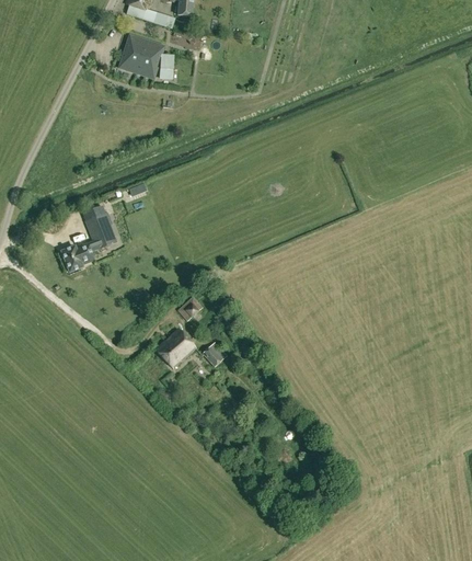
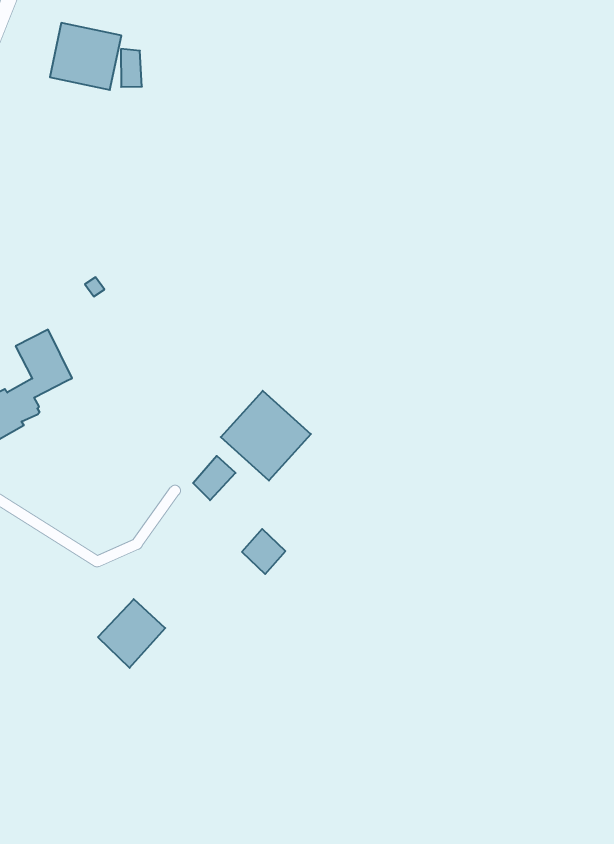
building: none -> [221,391,311,481]
building: [157,327,196,366] -> [98,599,165,668]

